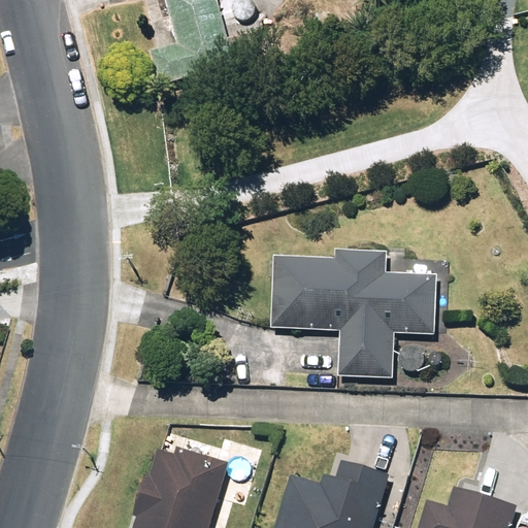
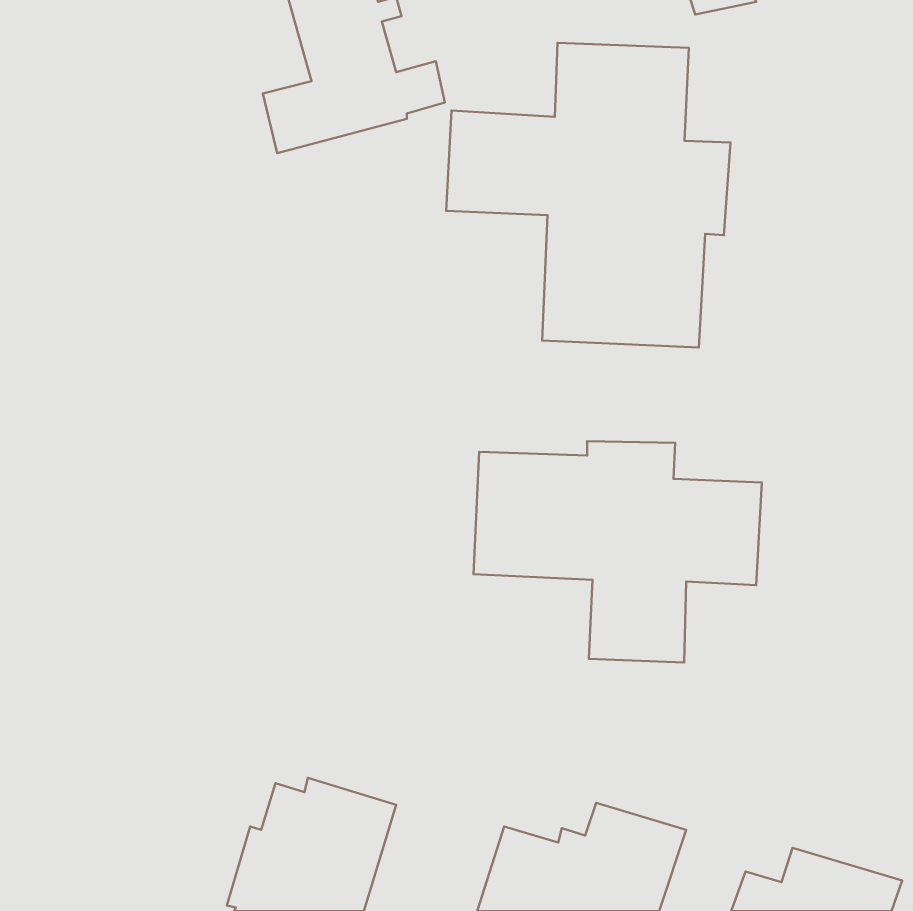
building: none -> [446,43,730,347]

